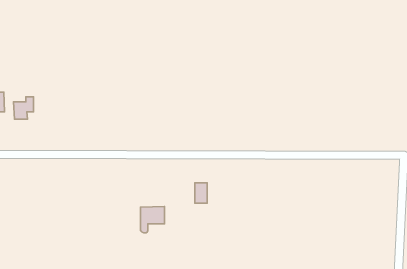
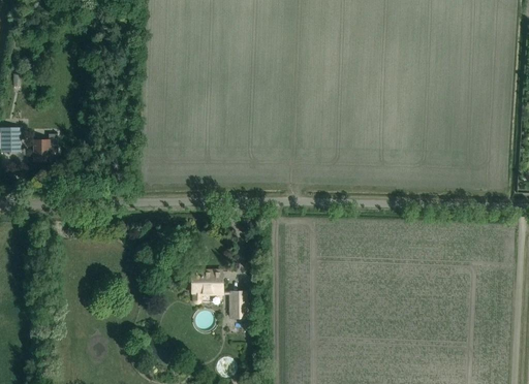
building: [195,183,207,203] -> [229,291,245,317]

